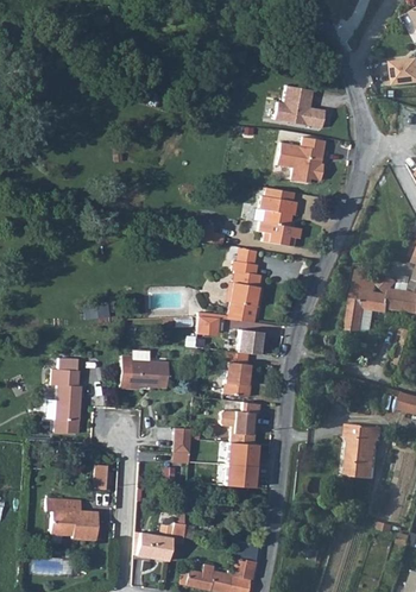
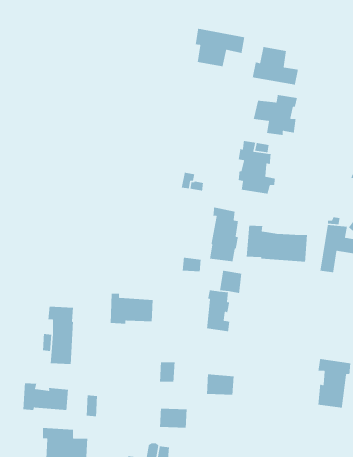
building: none -> [195,28,245,67]
building: none -> [246,225,308,263]
building: [220,402,260,442] -> none
building: none -> [22,383,69,411]
building: [223,465,254,487] -> [159,408,188,428]

